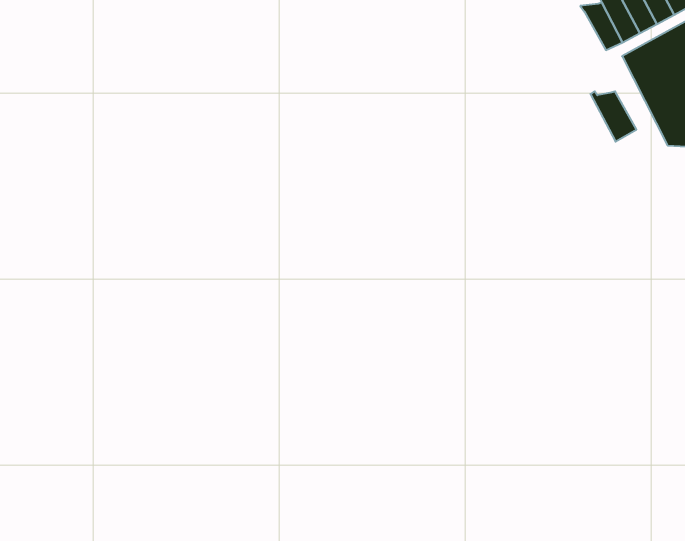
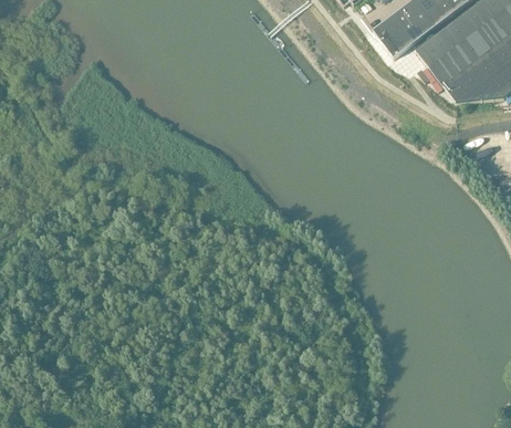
building: [590,91,636,142] -> [373,24,406,56]

